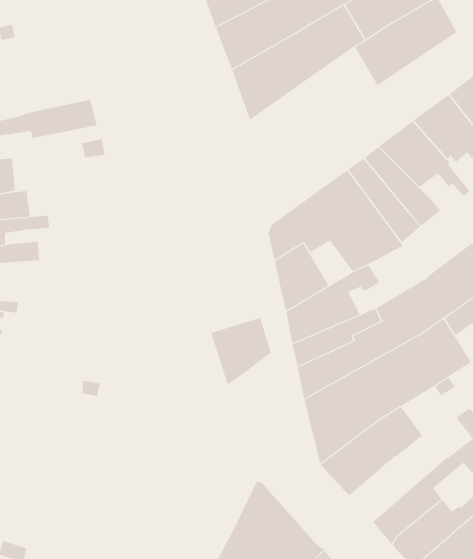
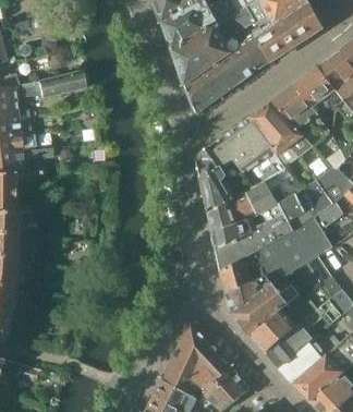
building: none -> [184,36,269,113]
building: [211,318,271,385] -> none
building: none -> [251,301,316,353]

